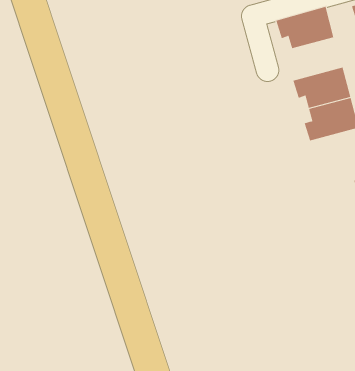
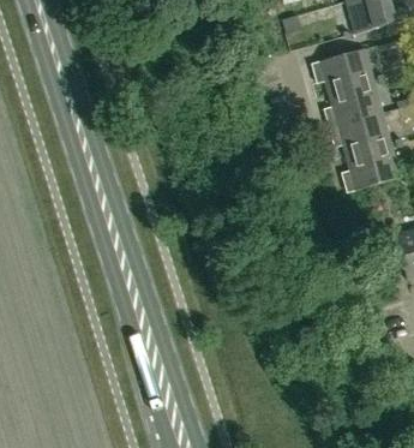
building: none -> [325,80,384,126]

